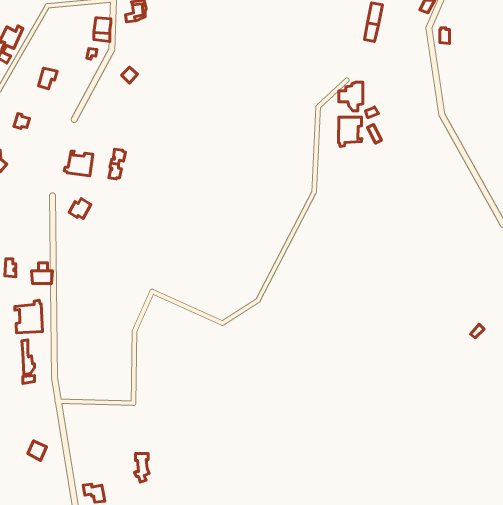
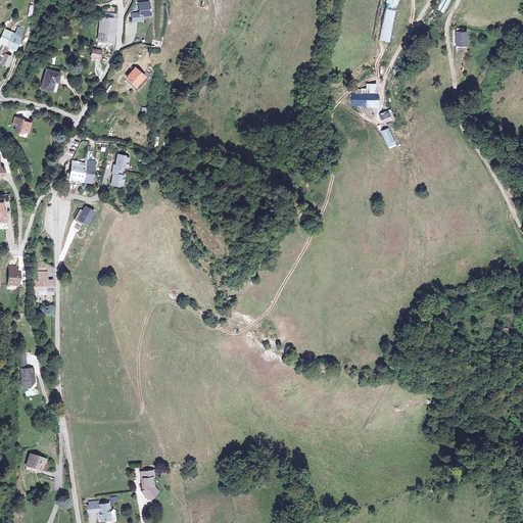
building: [339,117,362,146] -> none
building: [15,300,43,333] -> none

